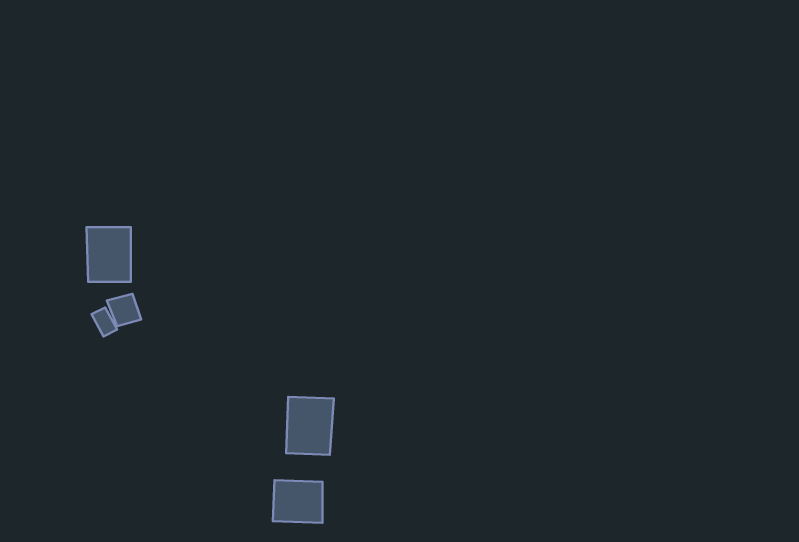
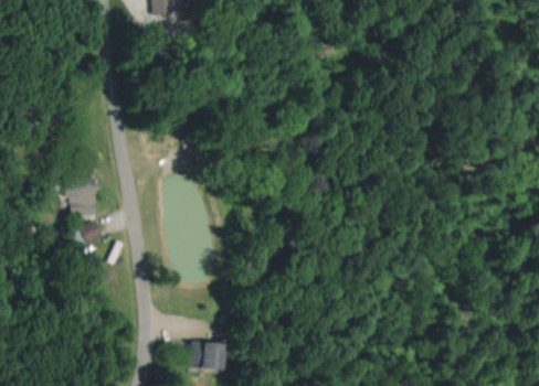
building: [286,397,334,455] -> none

